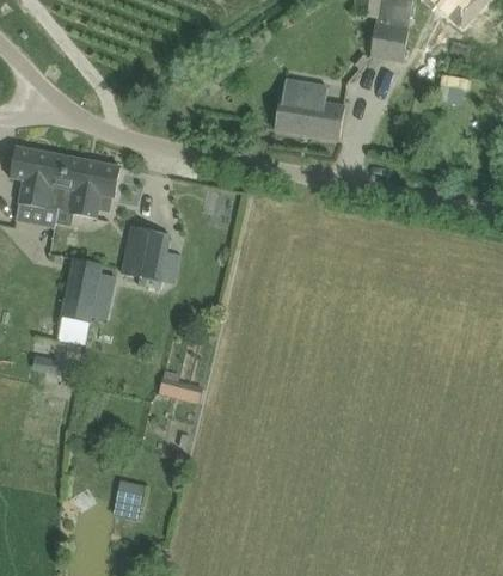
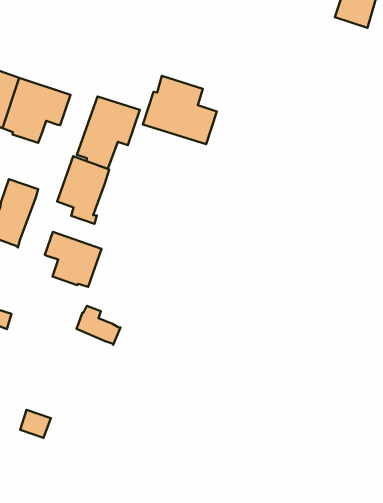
building: [274,79,344,140] -> [143,76,217,144]
building: none -> [77,96,140,169]
building: none -> [45,232,101,287]

